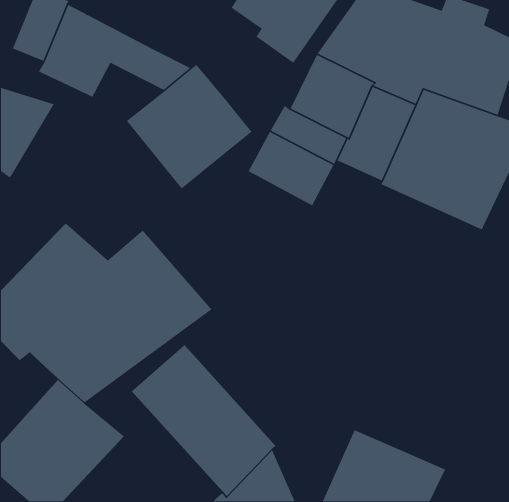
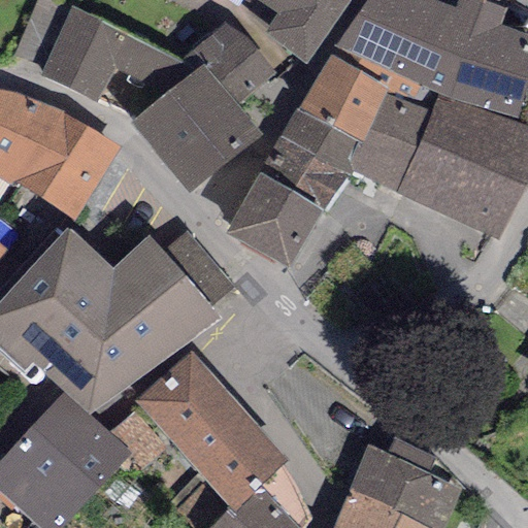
building: none -> [190,21,275,104]
building: none -> [14,107,119,217]
building: none -> [225,177,324,271]

